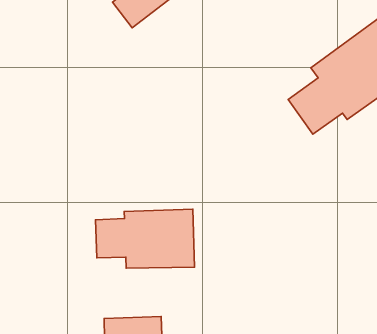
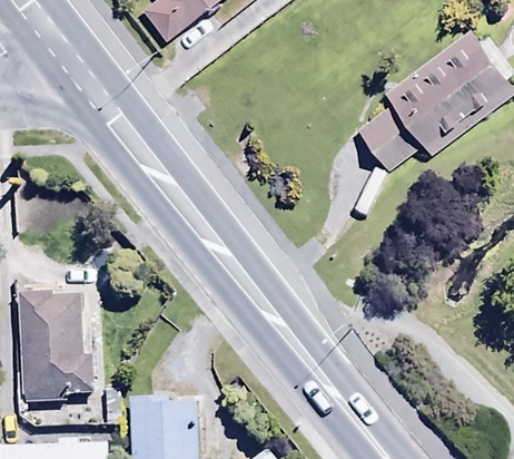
building: [96,209,195,268] -> none
building: none -> [20,295,92,395]

